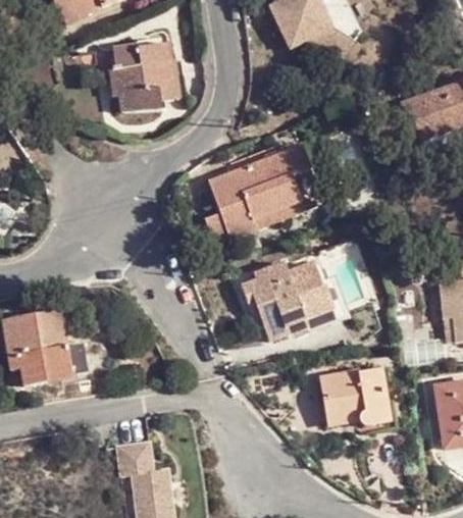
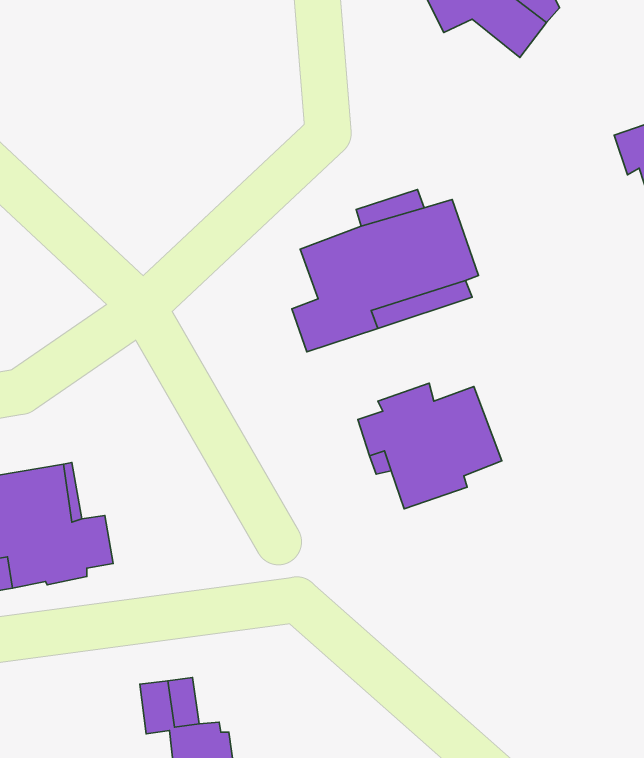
building: [111,33,179,107] -> none
building: [318,367,391,431] -> none

